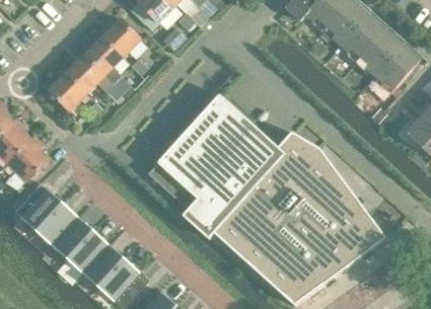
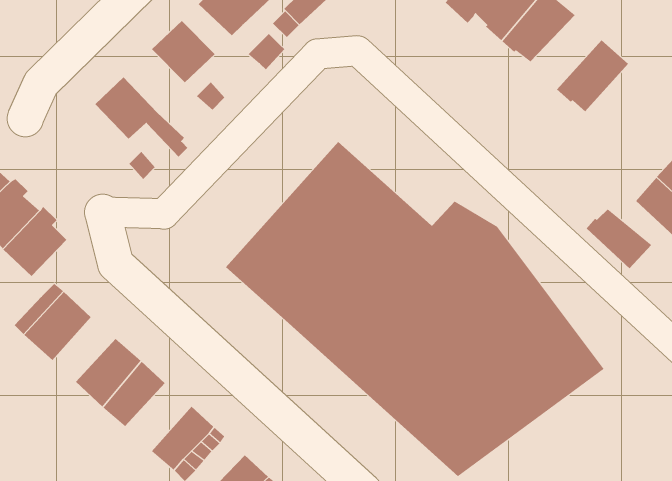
building: [339,15,383,62] -> none
building: [83,36,130,92] -> none
building: [373,46,417,92] -> none
building: [48,71,86,110] -> none
building: none -> [586,208,652,269]
building: [39,205,78,245] -> none
building: [84,246,126,289] -> none

